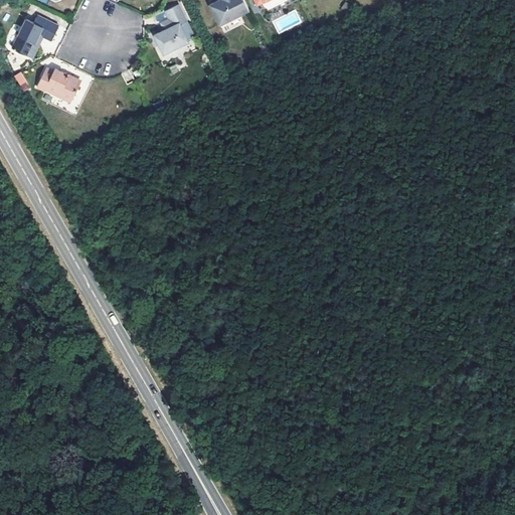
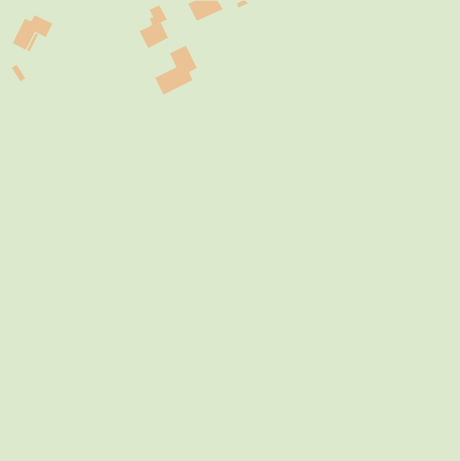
building: none -> [154,45,197,95]
building: [35,66,78,101] -> none

